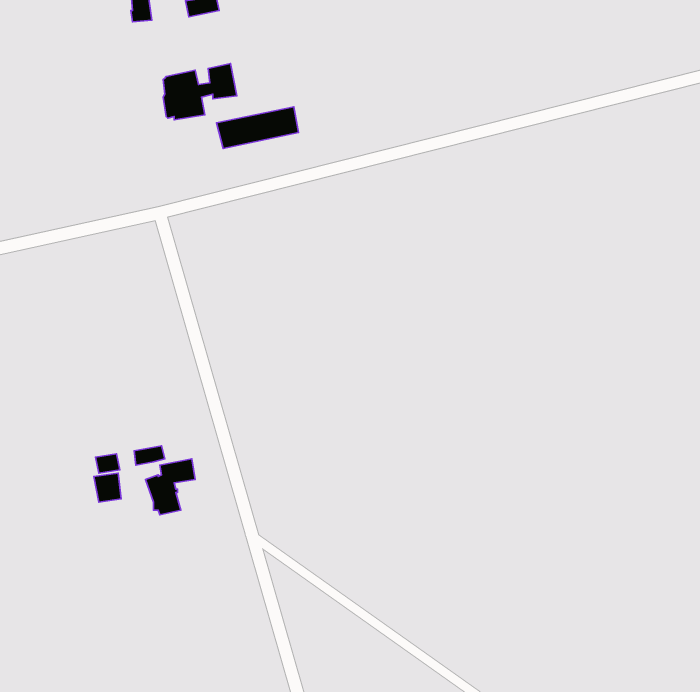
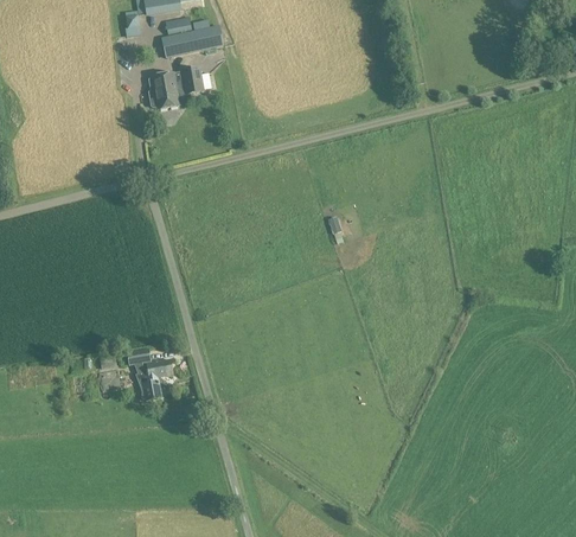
building: [217,107,299,148] -> [162,25,223,56]

